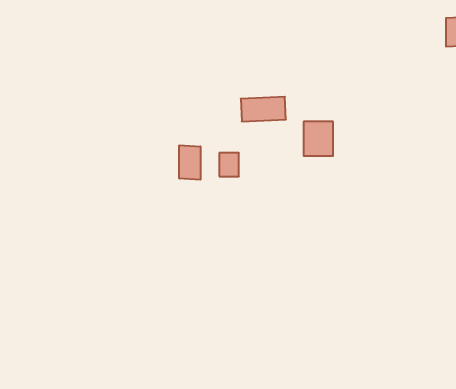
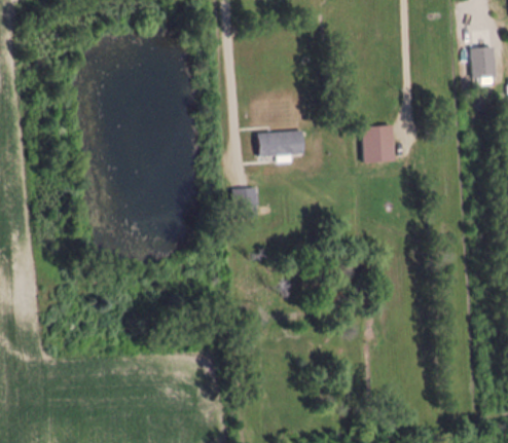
building: [304,122,333,156] -> [363,126,394,162]
building: [179,145,200,180] -> none

